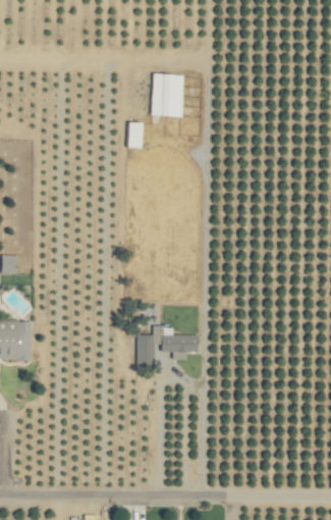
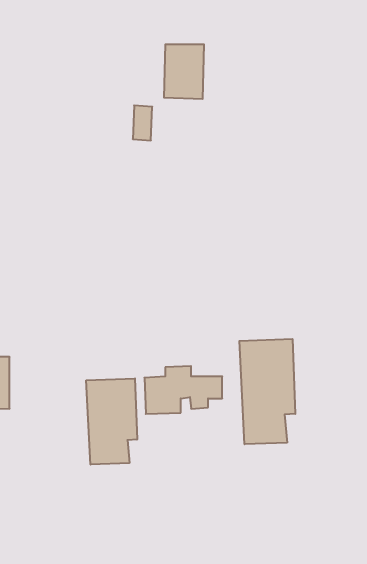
building: none -> [239,339,295,444]
building: none -> [86,378,137,465]

